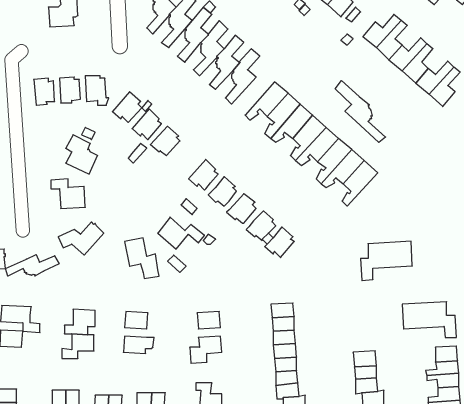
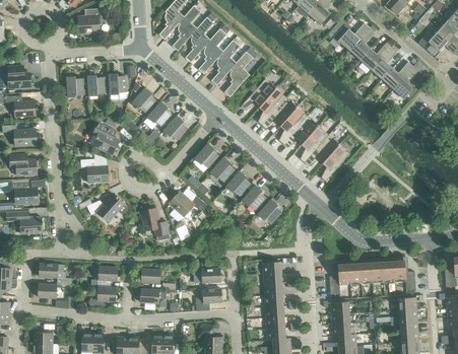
building: [335,81,386,142] -> none
building: [361,241,412,281] -> [329,262,372,294]
building: [5,255,59,276] -> none

